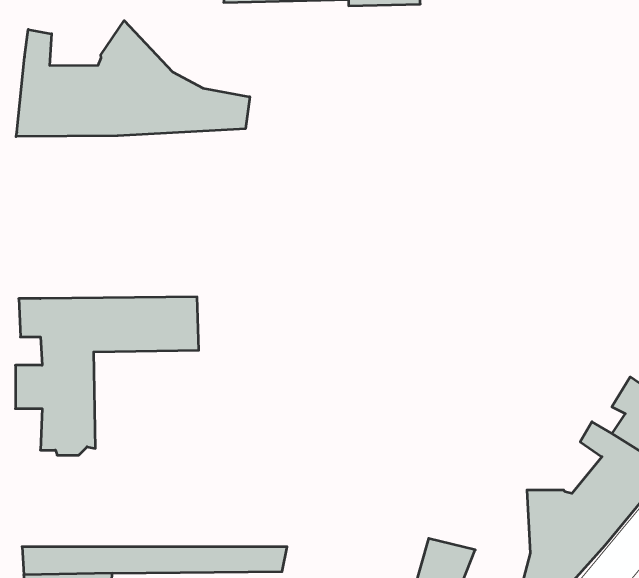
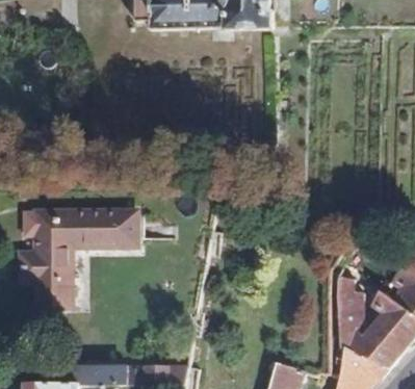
building: [16,21,250,137] -> none
building: none -> [337,276,363,332]

